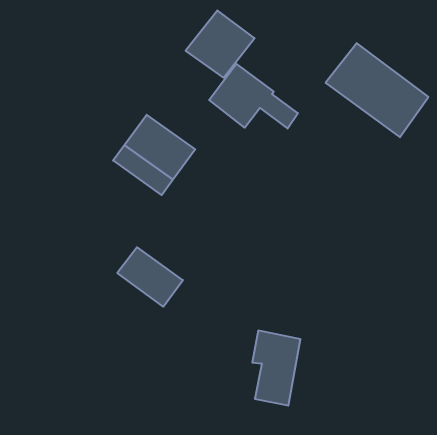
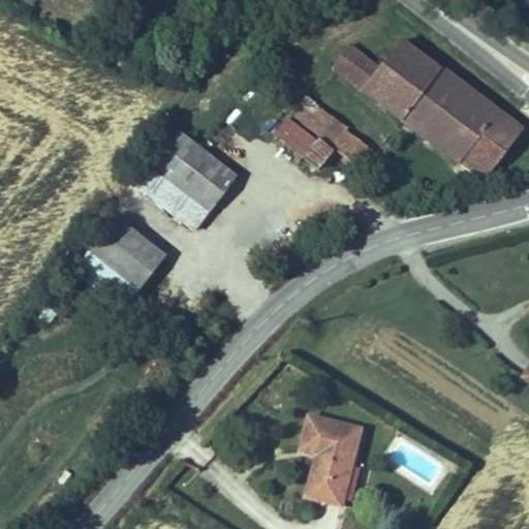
building: [186,10,255,78] -> [349,26,432,106]
building: [117,247,183,307] -> [88,232,166,304]

